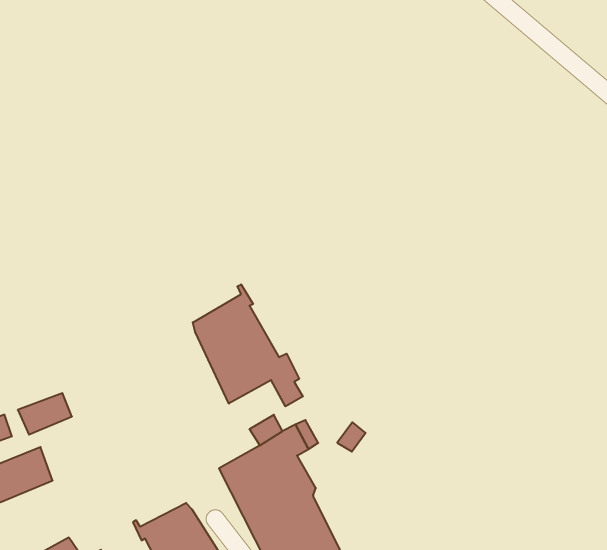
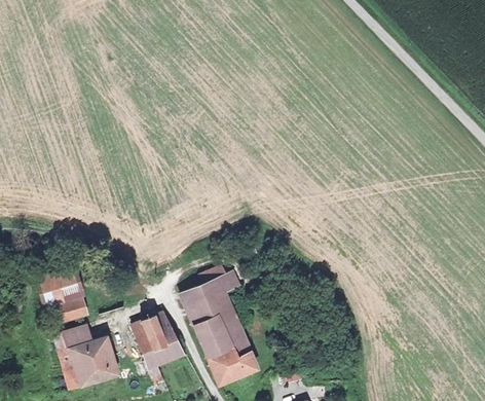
building: [193,284,303,406] -> none
building: [18,393,72,435] -> [58,298,89,321]

